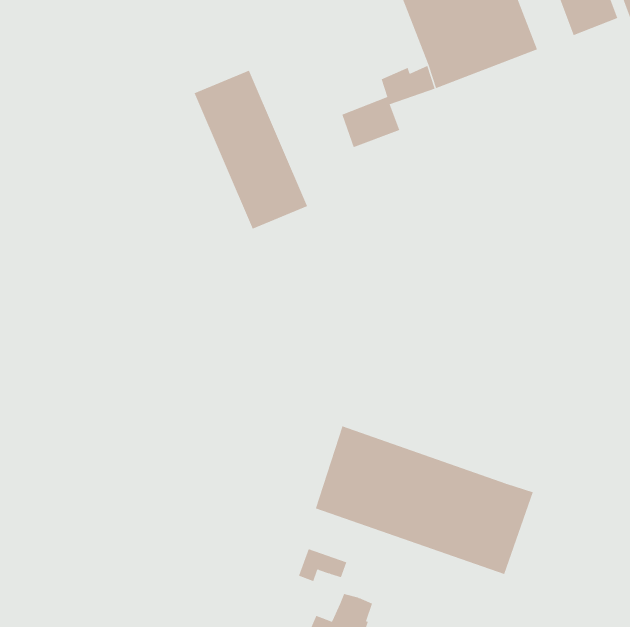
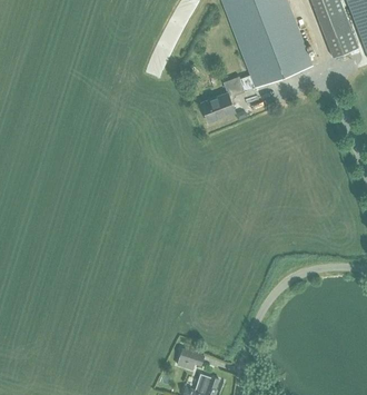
building: [194,70,308,230] -> none
building: [315,425,534,575] -> none

